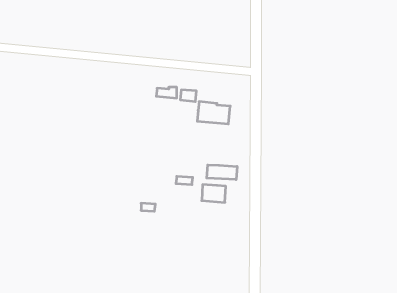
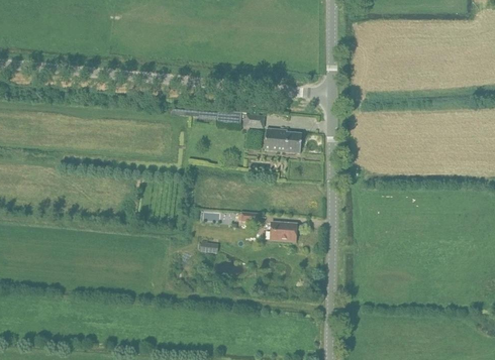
building: [207,165,237,180] -> none

